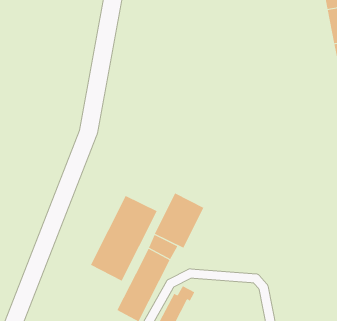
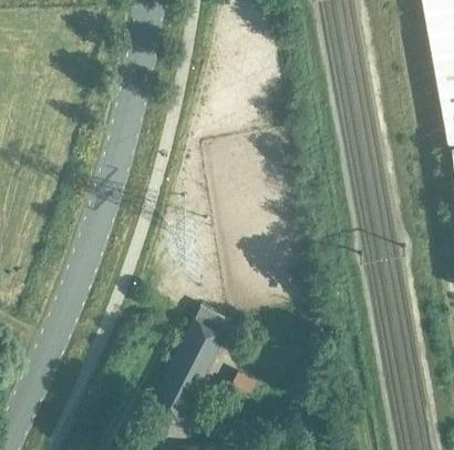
building: [154,192,204,249] -> none
building: [90,195,157,282] -> none

